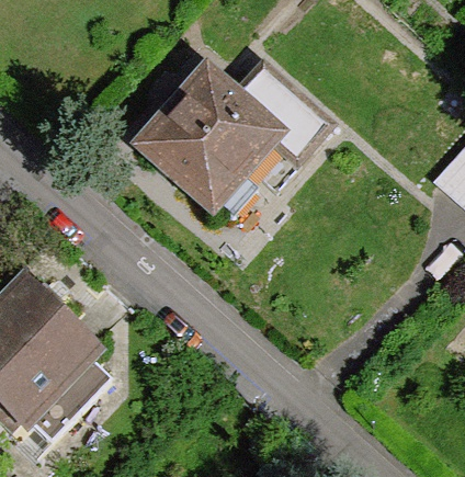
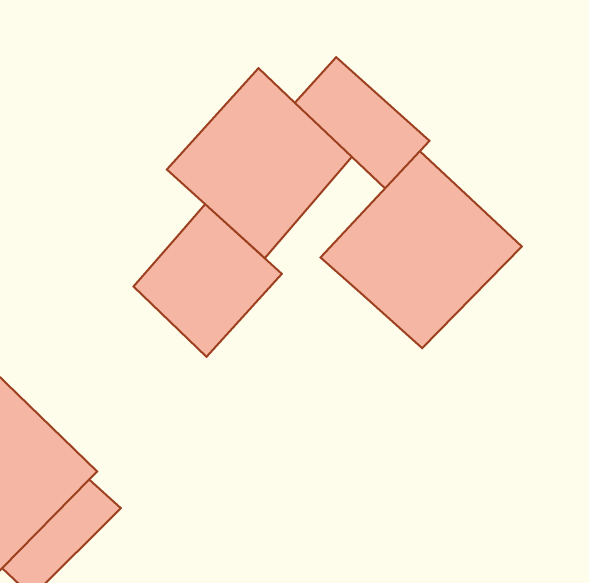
building: none -> [320,151,522,348]
building: none -> [134,204,282,357]

